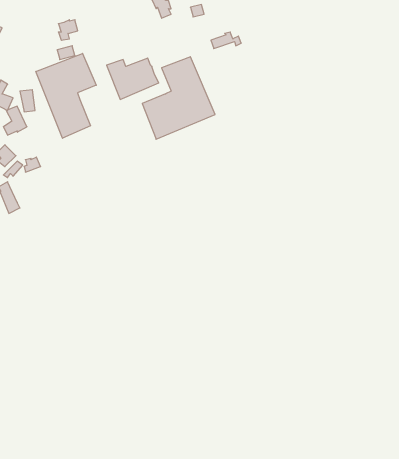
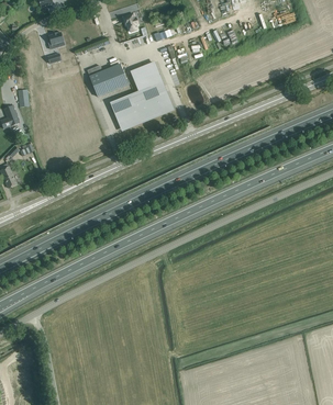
building: [36,53,96,138] -> none

